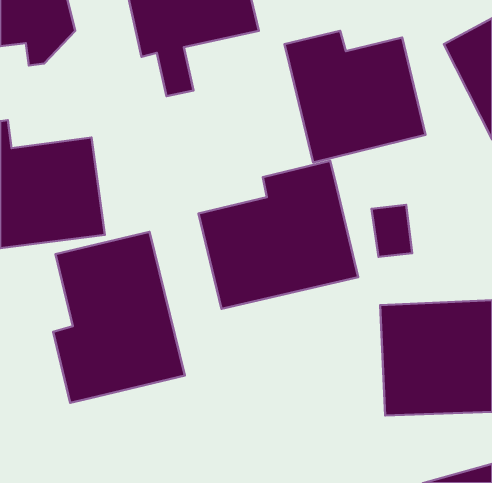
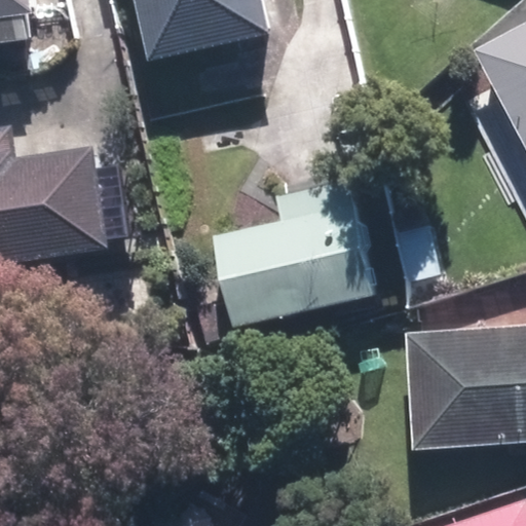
building: [285,31,425,163] -> none
building: [53,232,185,403] -> none

